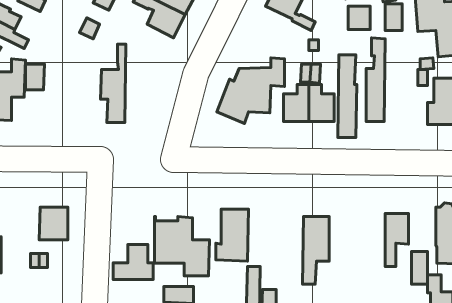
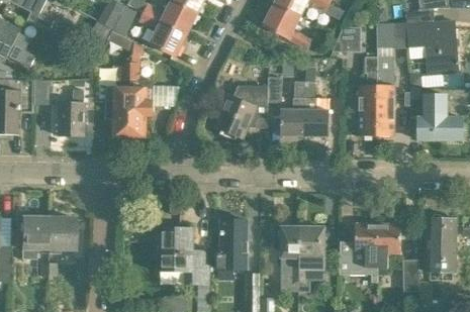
building: none -> [128,43,153,136]
building: [338,55,357,137] -> [376,57,394,135]
building: none -> [59,89,84,135]
building: none -> [20,216,48,258]
building: none -> [339,223,377,282]
building: none -> [278,226,299,291]
building: [113,245,153,280] -> none

